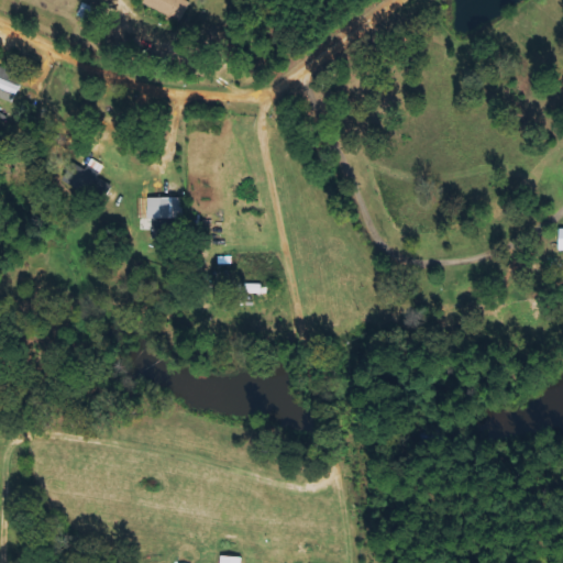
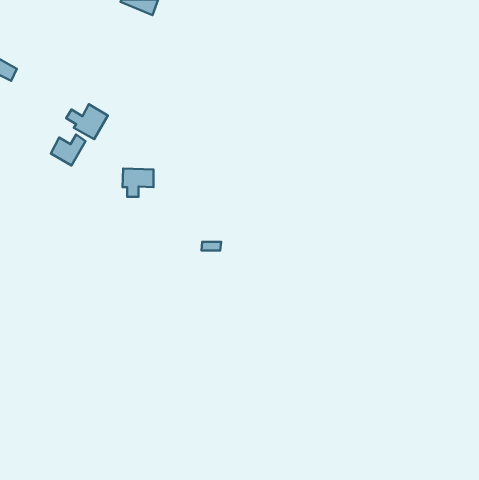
building: none -> [66,104,108,139]

